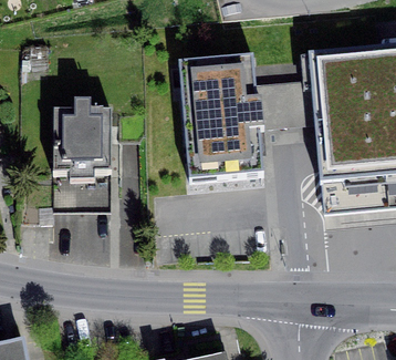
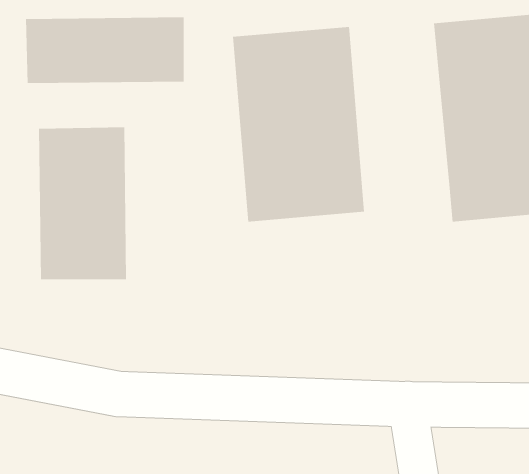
building: none -> [25,17,184,84]

